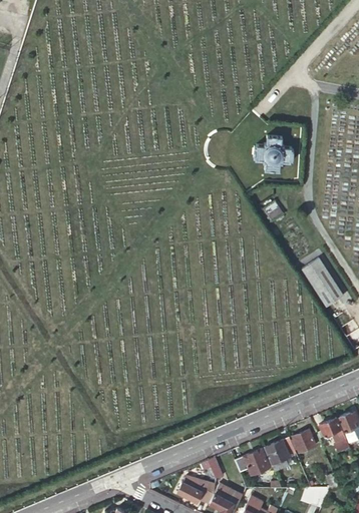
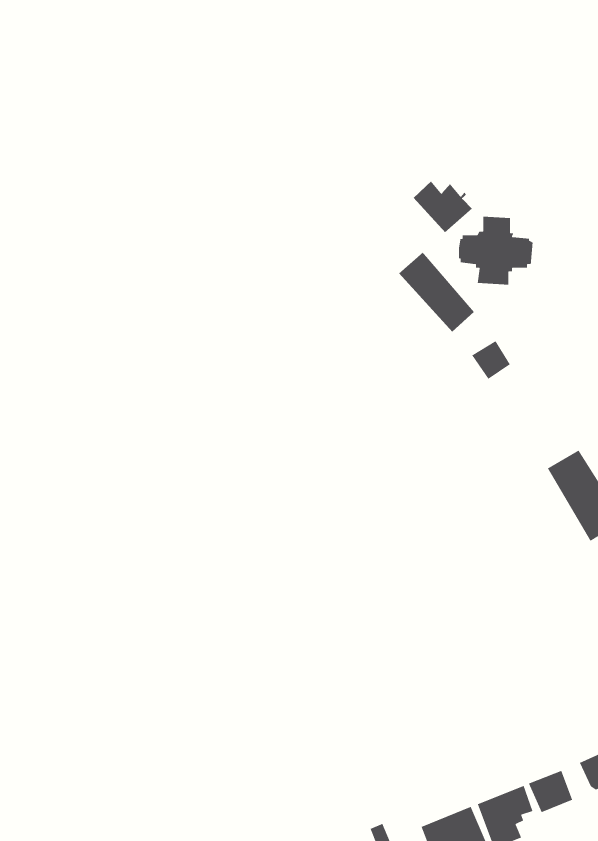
building: none -> [413,181,473,233]
building: none -> [398,252,475,333]

